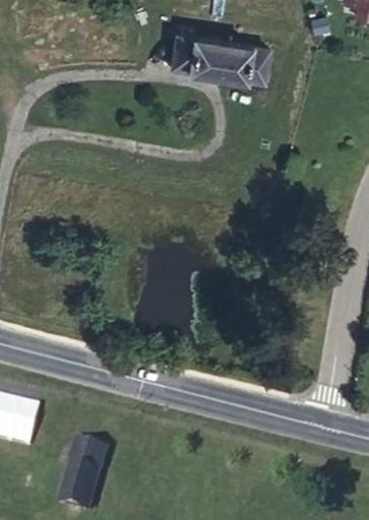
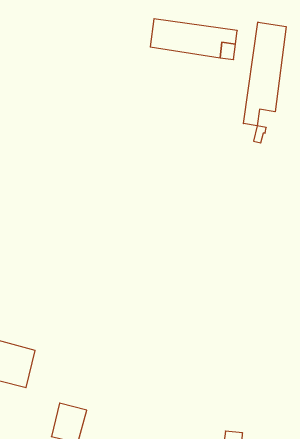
building: none -> [243,22,286,126]
building: [69,443,107,475] -> none

